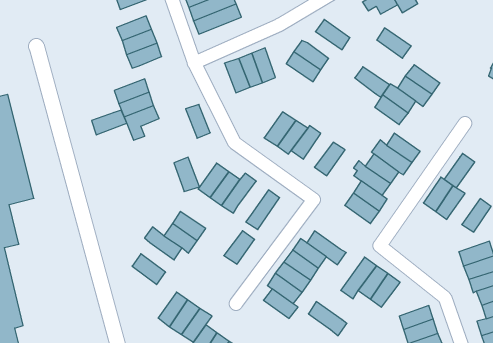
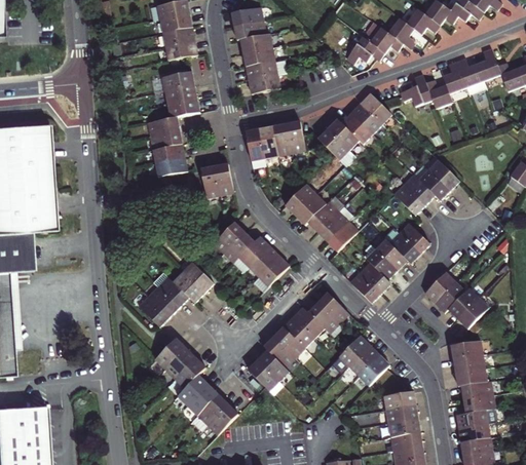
building: [377,28,411,58] -> [360,92,391,124]
building: none -> [245,128,265,167]
building: [355,67,390,97] -> [340,113,372,145]
building: [92,110,127,135] -> [147,117,180,137]
building: none -> [317,206,352,241]
building: [444,153,475,188] -> [447,287,479,319]
building: [174,157,200,192] -> [199,165,220,197]
building: none -> [316,293,348,323]
building: [224,231,255,264] -> [248,245,279,276]
building: none -> [148,286,179,317]
building: [308,302,347,336] -> [248,359,283,395]

